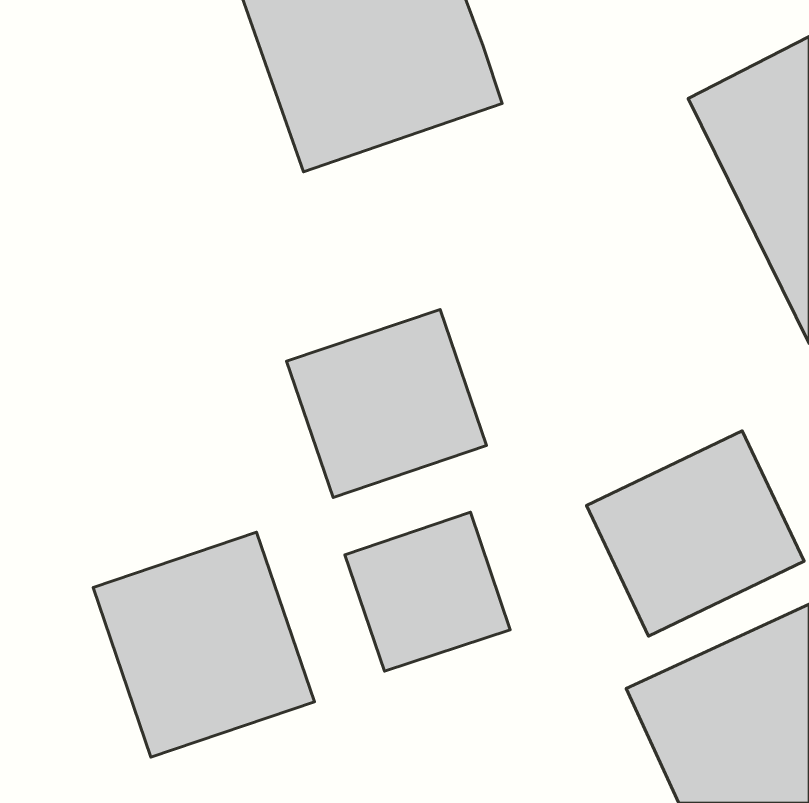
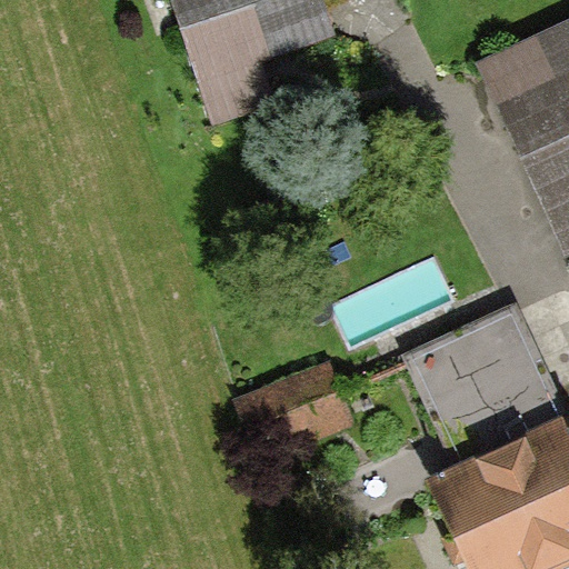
building: [287,309,487,497] -> none
building: [93,532,314,757] -> none

